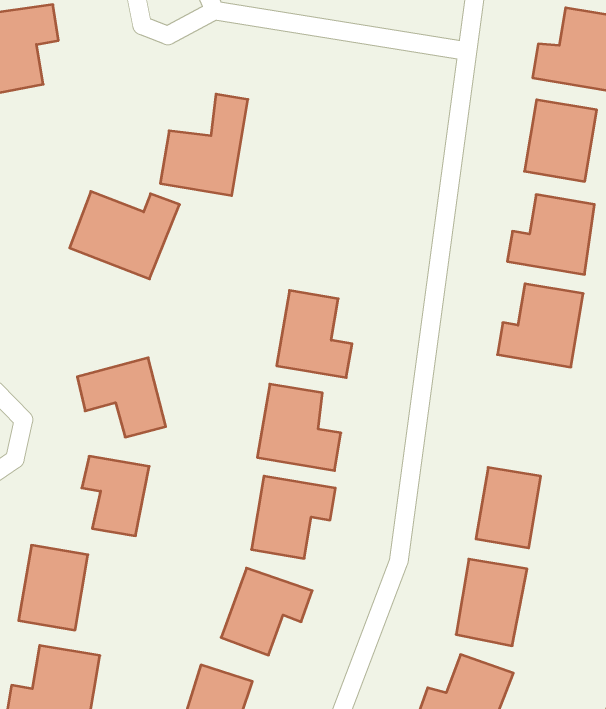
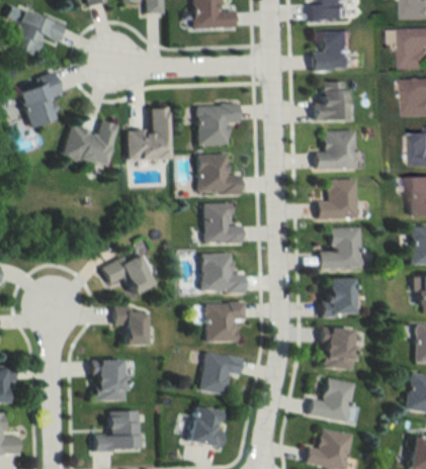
building: none -> [198,103,240,144]
building: [70,191,180,279] -> [64,121,117,166]
building: none -> [199,154,242,193]
building: none -> [320,227,361,268]

